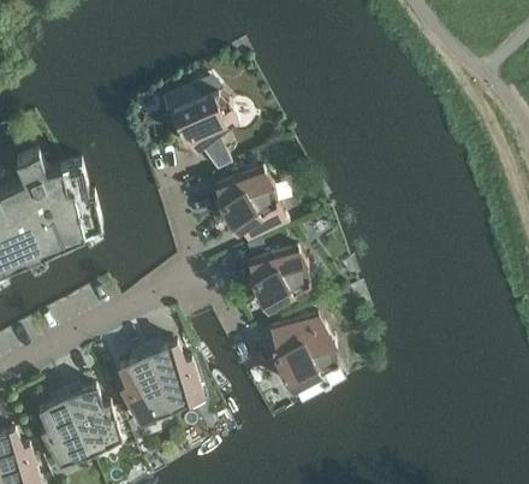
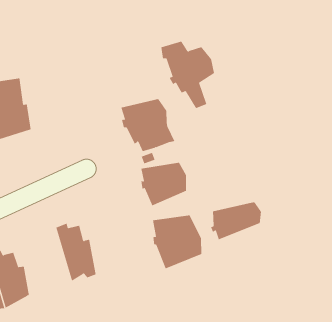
building: [164,87,237,172] -> [161,41,215,109]
building: none -> [210,201,261,240]
building: [118,349,172,424] -> none

